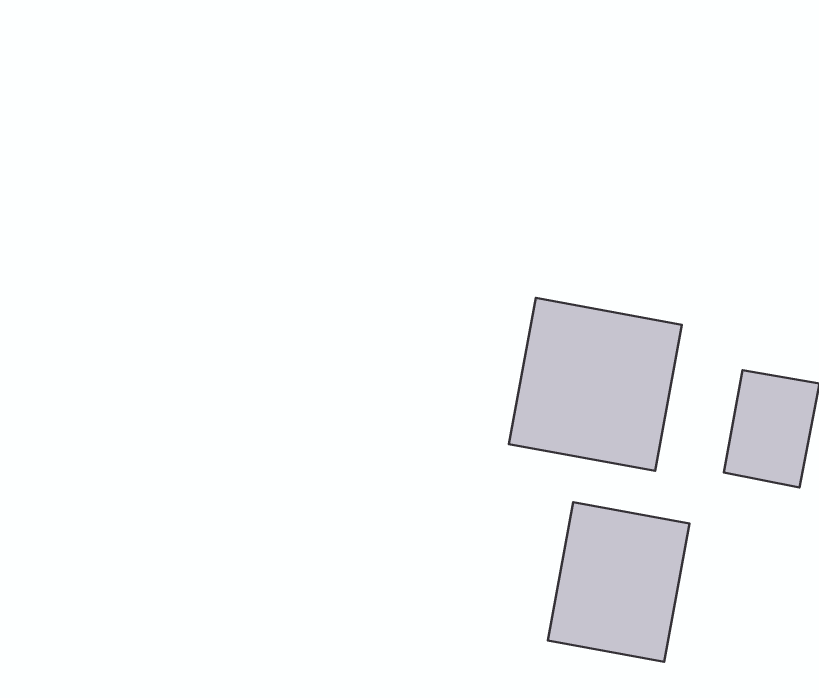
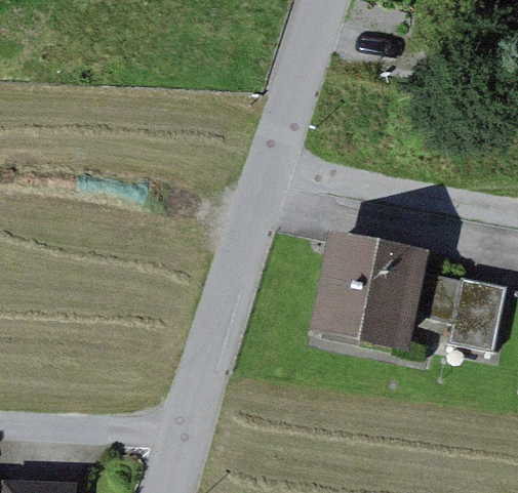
building: [548,502,690,662] -> none

